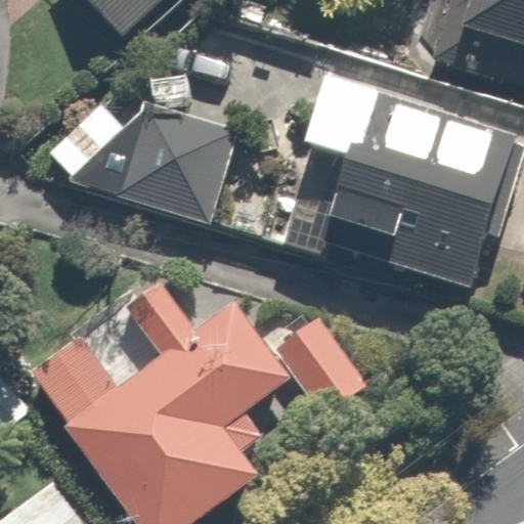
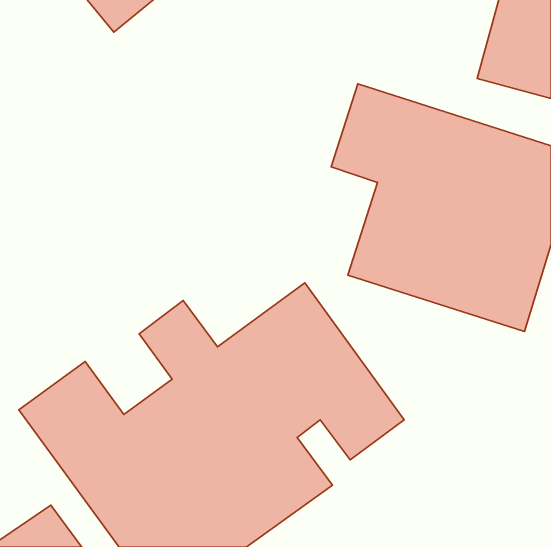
building: [77,88,234,228] -> none

